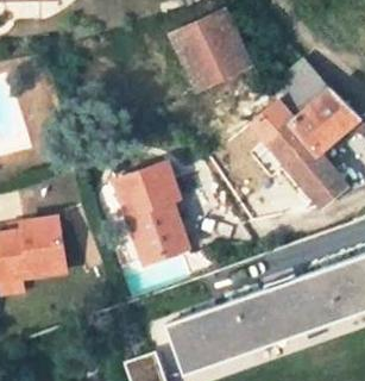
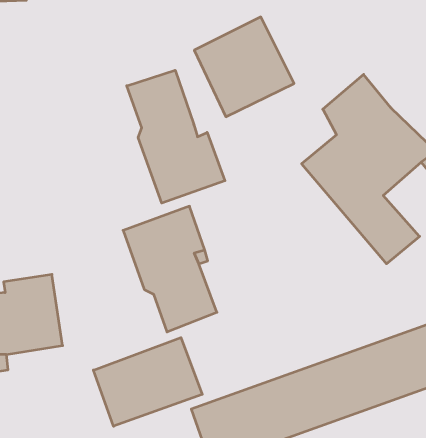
building: none -> [127,70,225,203]
building: none -> [93,338,202,426]

